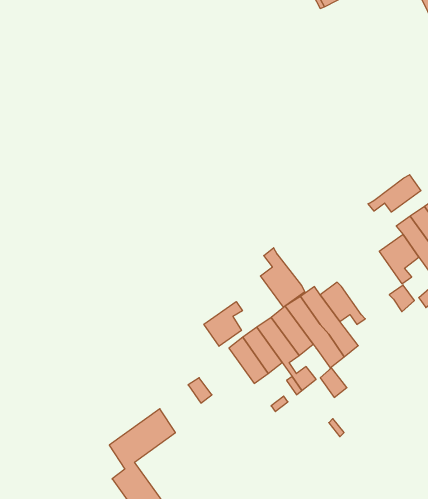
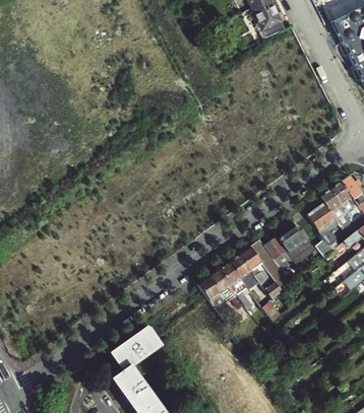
building: [368,175,421,212] -> none
building: [260,248,305,307] -> none
building: none -> [280,226,315,264]
building: [204,302,242,346] -> none

